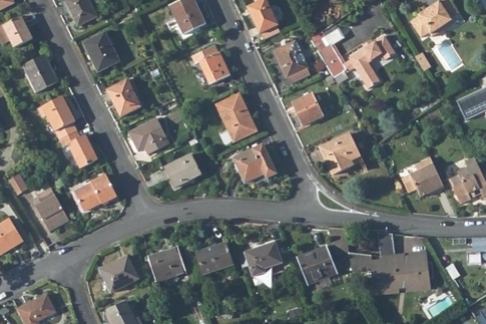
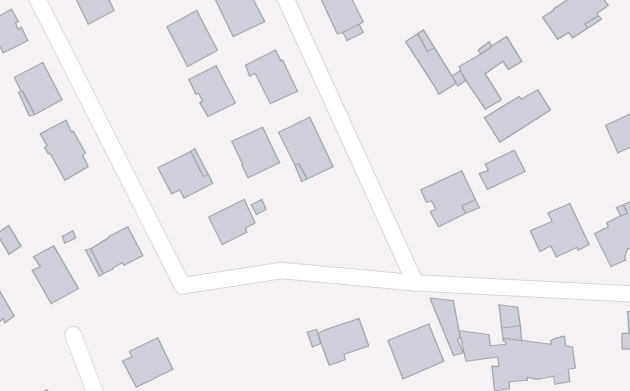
building: [83,31,120,72] -> [167,10,217,67]
building: [274,40,311,83] -> none
building: none -> [484,90,550,142]
building: [107,79,141,116] -> [189,66,235,116]
building: [293,93,324,125] -> none
building: none -> [232,127,280,178]
building: none -> [479,150,525,189]
building: [60,130,98,169] -> none
building: [232,144,277,184] -> none
building: [196,243,233,274] -> none
building: [148,246,186,282] -> none

